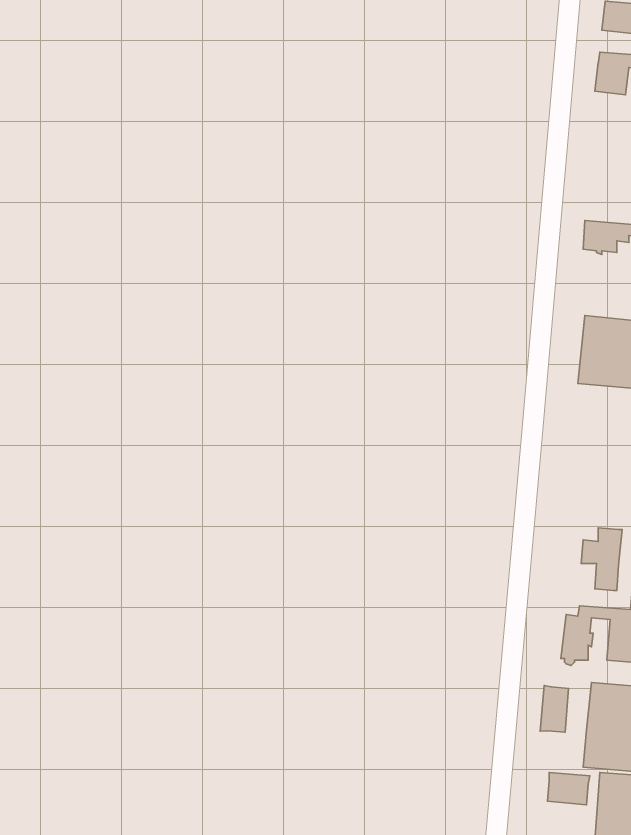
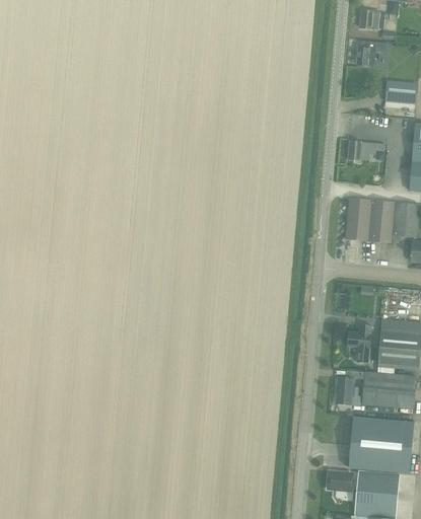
building: [540,686,569,732] -> none

